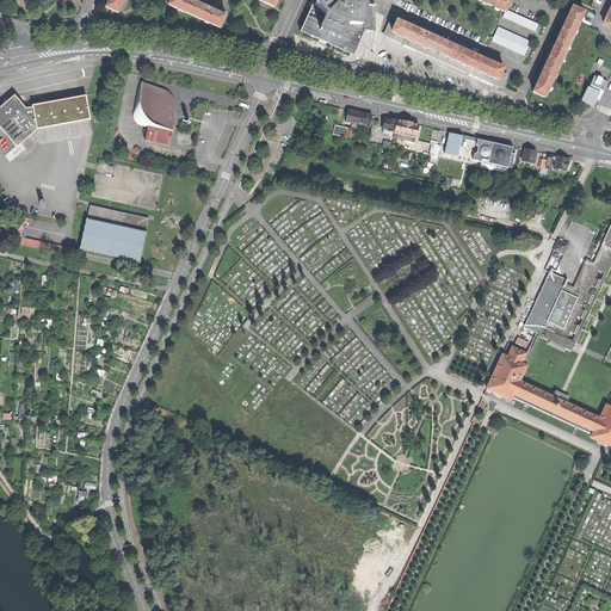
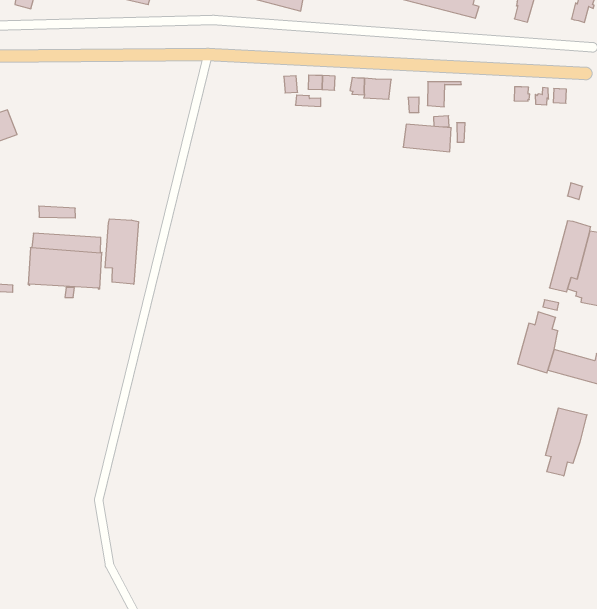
building: [134,84,173,144] -> none
building: [471,138,516,168] -> [403,124,451,152]
building: none -> [105,219,138,284]
building: none -> [546,408,587,476]

